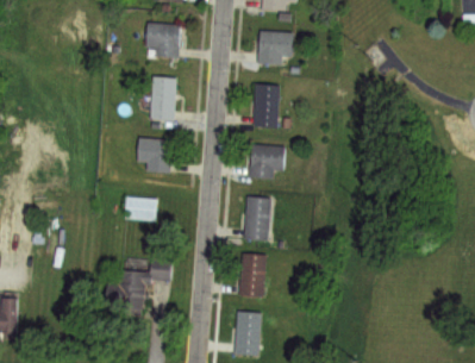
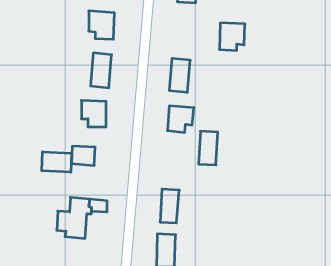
building: [258,30,292,65] -> [219,23,245,50]
building: [244,196,269,240] -> [199,131,218,165]
building: none -> [42,152,72,172]

